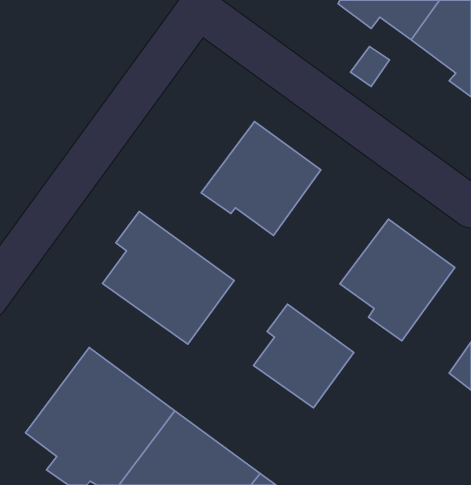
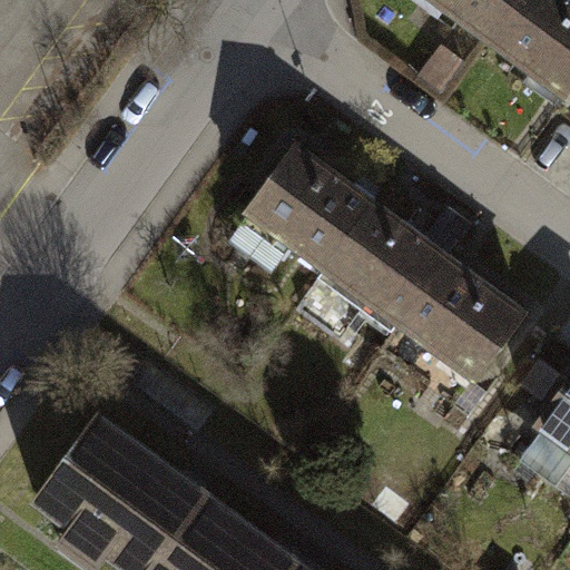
building: none -> [315,199,455,341]
building: [102,211,234,344] -> none
building: [254,304,354,408] -> none

